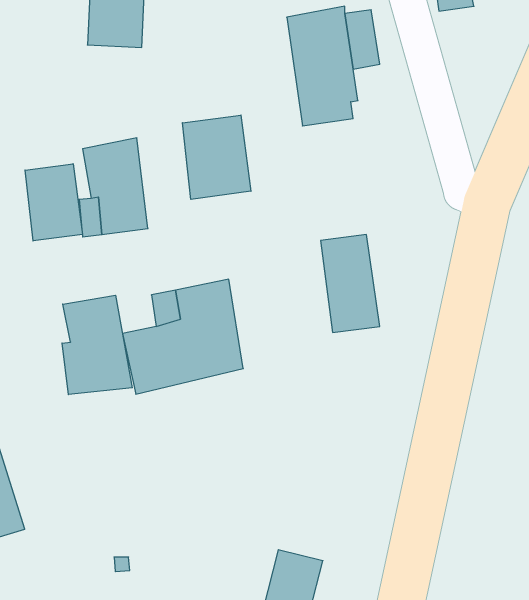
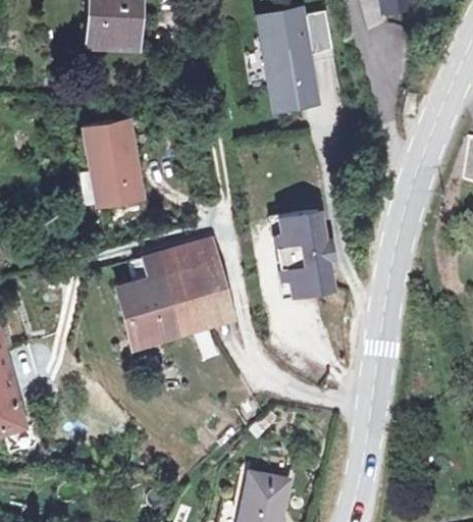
building: [182,115,251,199] -> none
building: [25,164,82,241] -> none
building: [62,295,132,395] -> none

